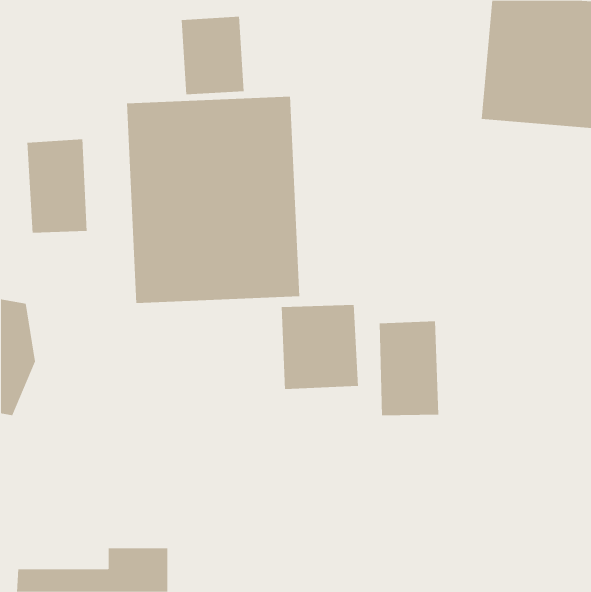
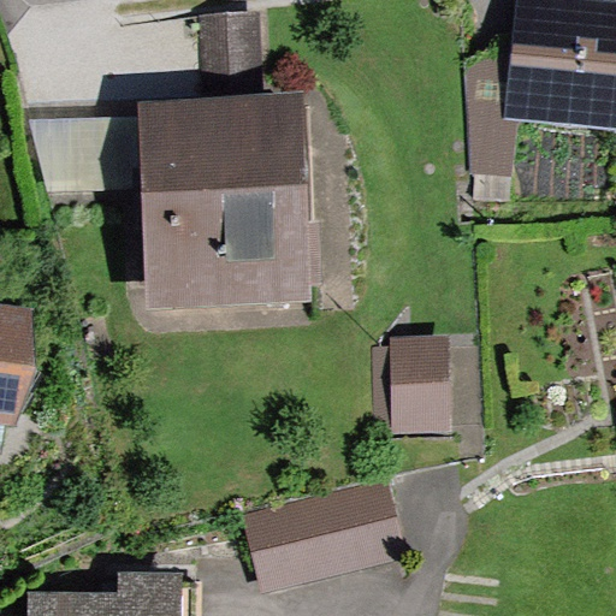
building: [27,138,87,234] -> none
building: [281,304,359,390] -> none
building: none -> [243,475,408,592]

